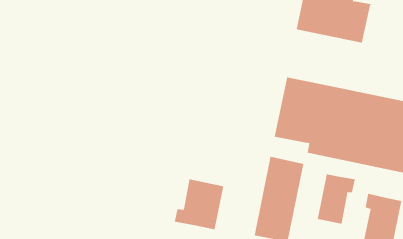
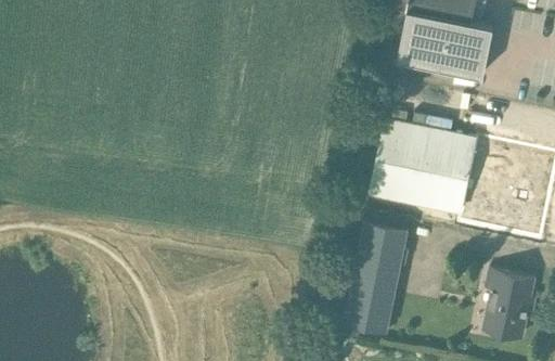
building: [317,174,355,224] -> none
building: [174,179,224,230] -> none

